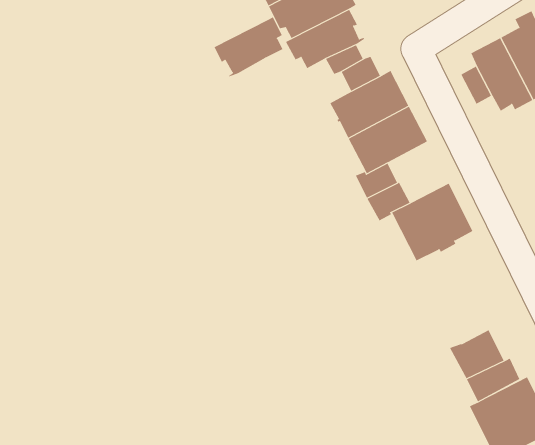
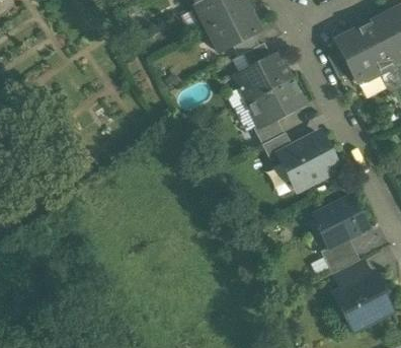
building: [214,16,283,77] -> none
building: none -> [315,195,367,248]

